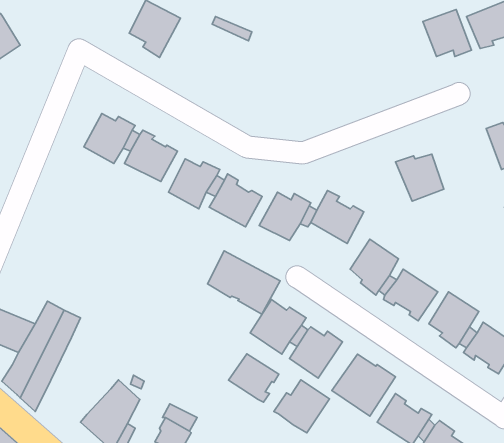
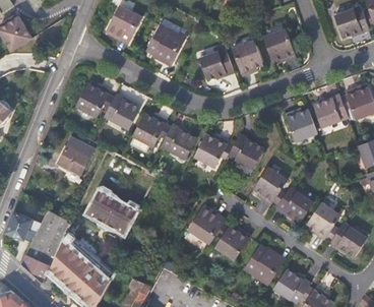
building: [423,9,471,56] -> [263,30,296,62]
building: none -> [144,26,183,67]
building: none -> [231,42,263,78]
building: none -> [198,50,234,82]
building: none -> [313,94,348,127]
building: none -> [60,144,90,173]
building: [208,251,280,314] -> [87,191,136,234]
building: none -> [50,233,95,286]
building: [229,354,279,402] -> none
building: [274,380,330,433] -> none

